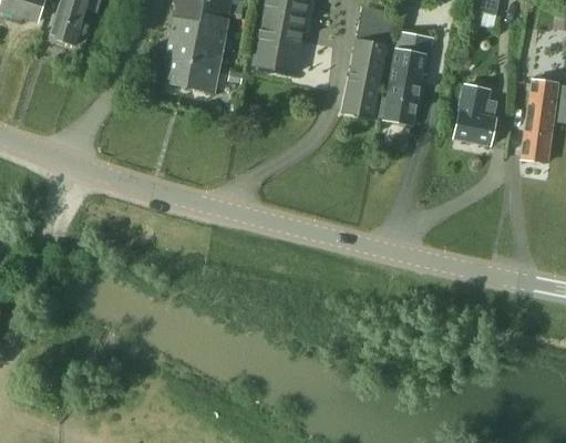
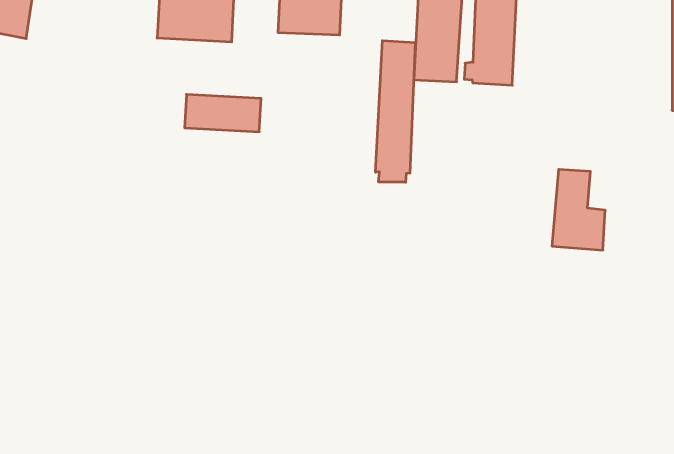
building: [163,56,219,90] -> [185,94,261,132]
building: none -> [376,41,415,182]
building: [454,84,495,145] -> [552,169,605,250]

